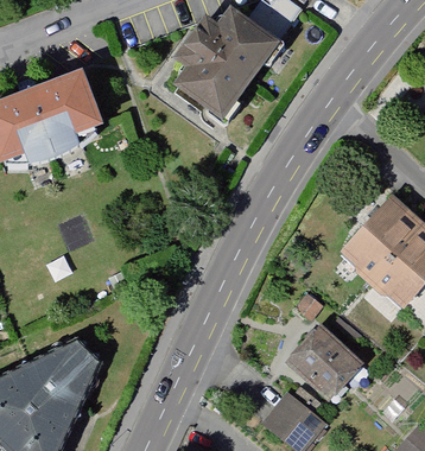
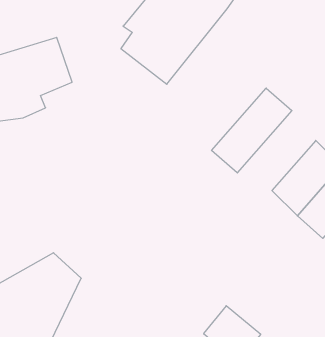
building: none -> [212,88,292,173]
building: [283,317,363,396] -> none

